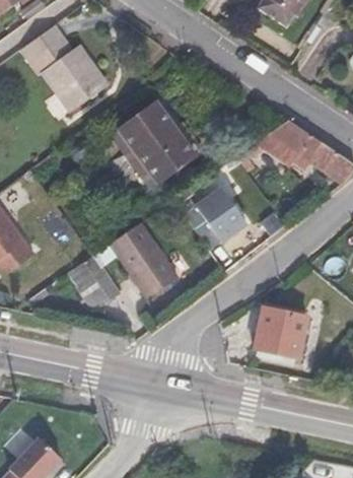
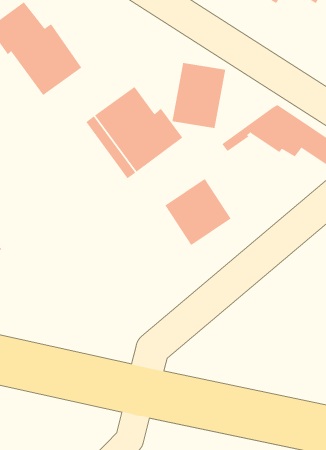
building: none -> [172,62,226,129]
building: [68,222,178,311] -> none
building: [254,308,307,357] -> none

